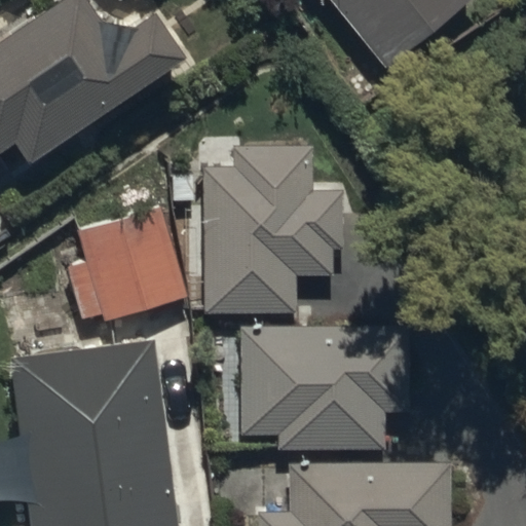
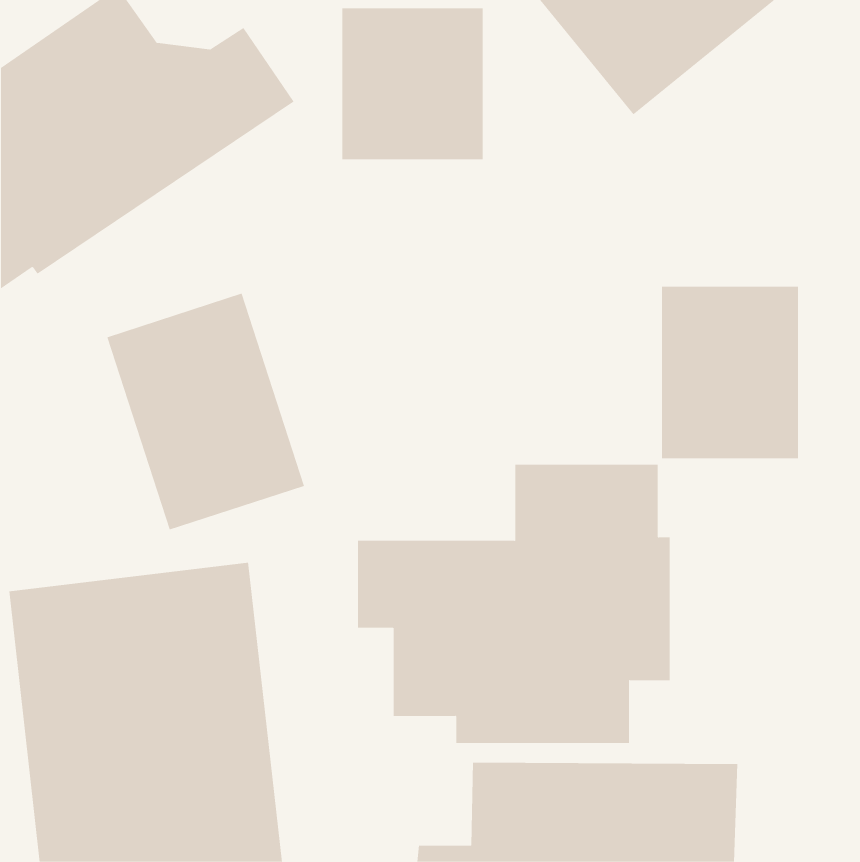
building: none -> [342,8,483,160]
building: [203,146,343,313] -> none
building: none -> [662,286,798,459]

